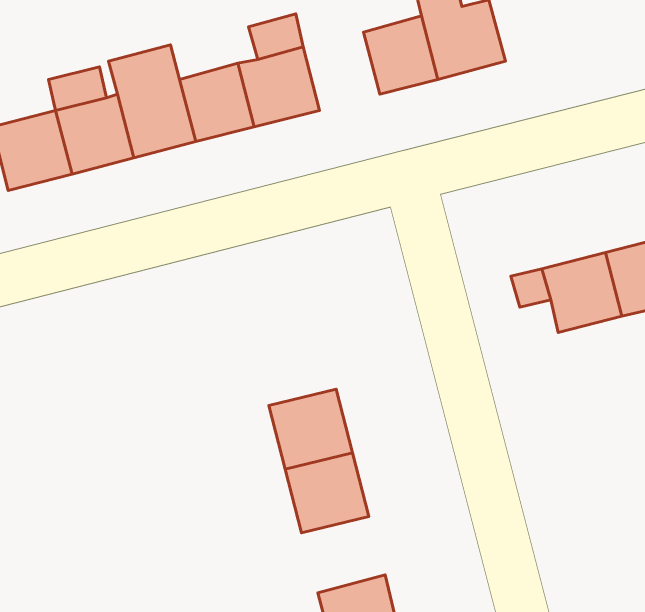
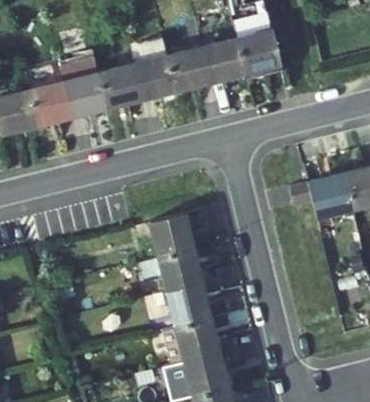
building: none -> [174,48,217,92]
building: none -> [147,214,193,257]
building: none -> [156,319,220,366]

